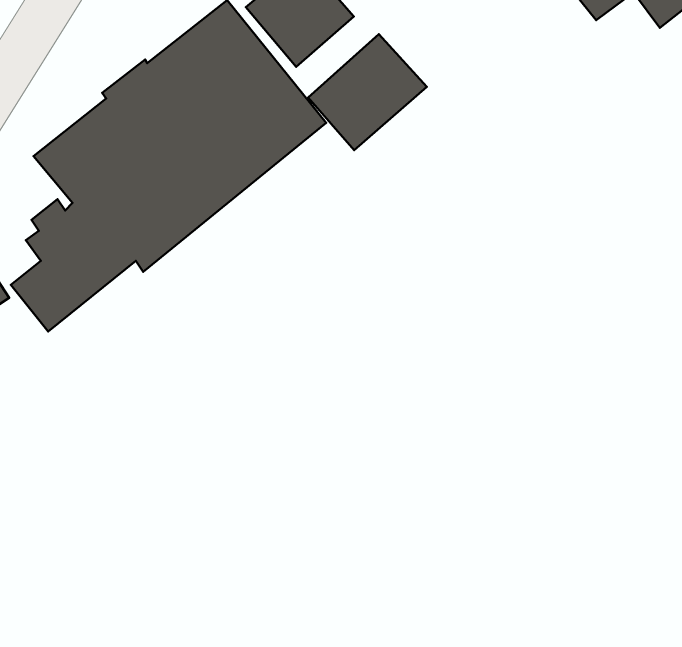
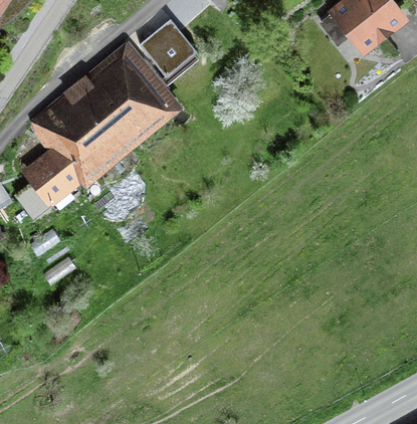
building: [308,34,427,150] -> none

